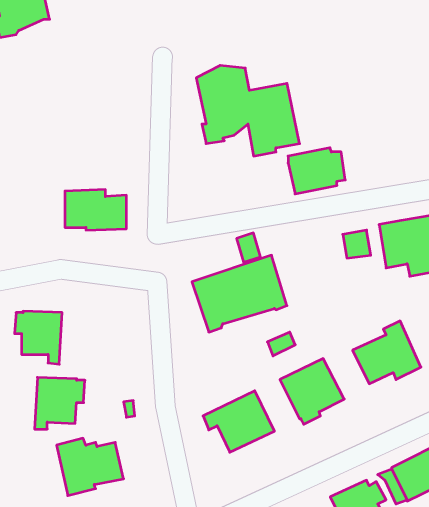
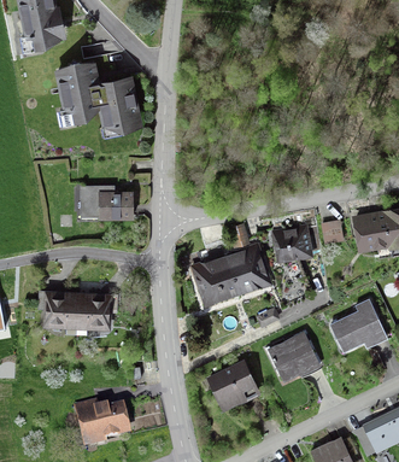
building: [196,65,300,156] -> [54,59,143,138]
building: [288,148,345,194] -> [271,224,321,264]
building: [35,377,85,429] -> [76,292,119,337]

